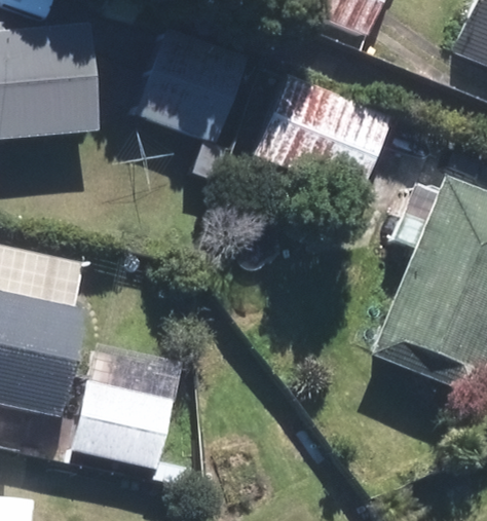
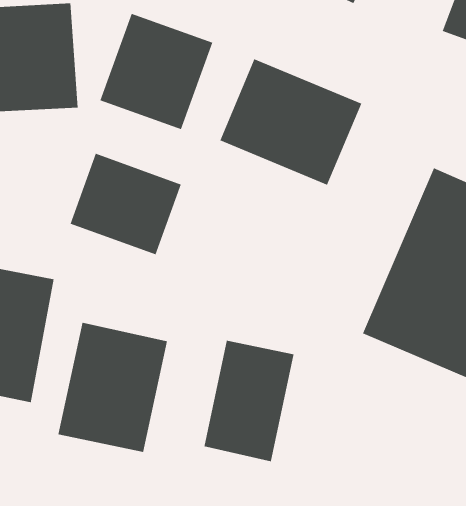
building: none -> [70,153,182,255]
building: none -> [204,340,294,462]

